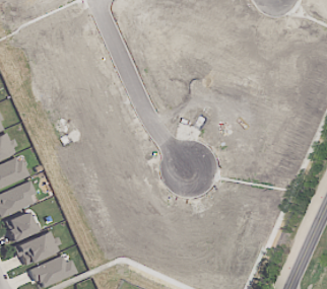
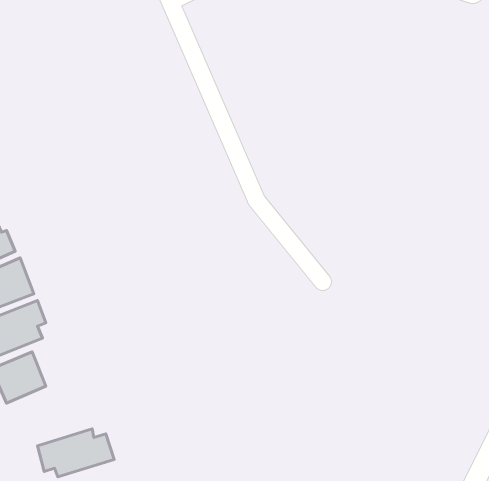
building: [15,231,60,266] -> none

